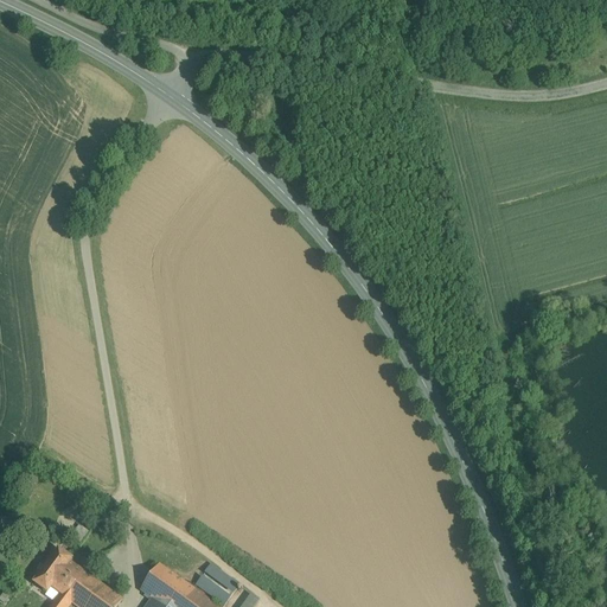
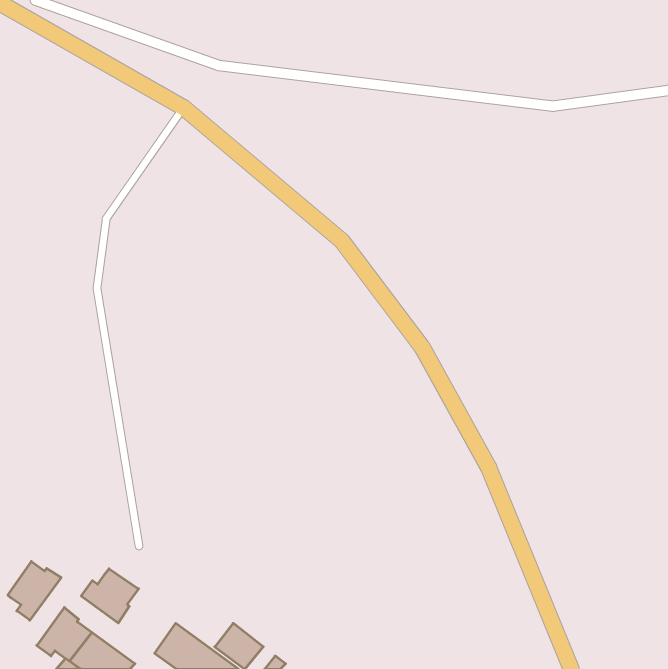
building: none -> [8,561,61,620]
building: none -> [81,569,139,623]

